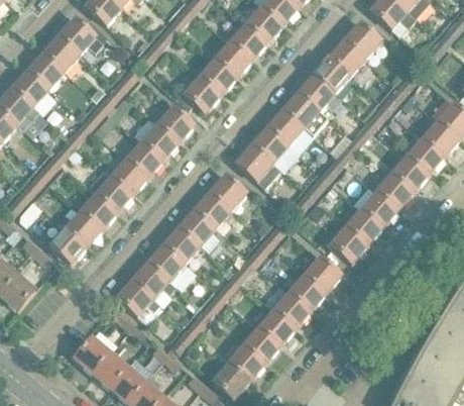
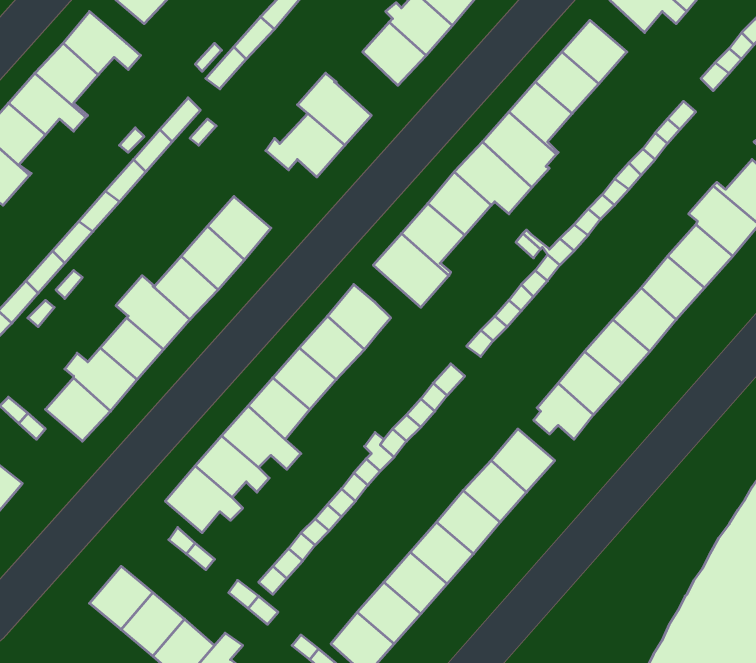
building: [214,40,250,77] -> none
building: [152,105,194,141] -> none

